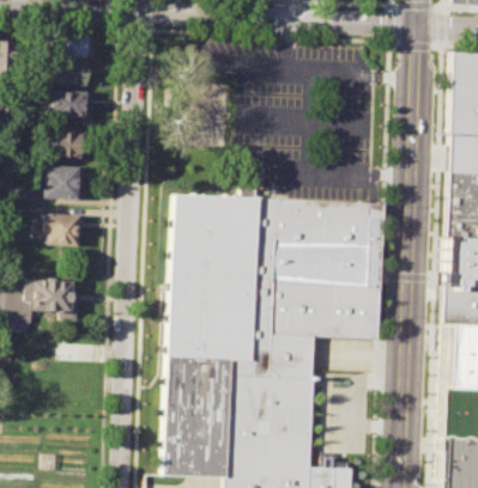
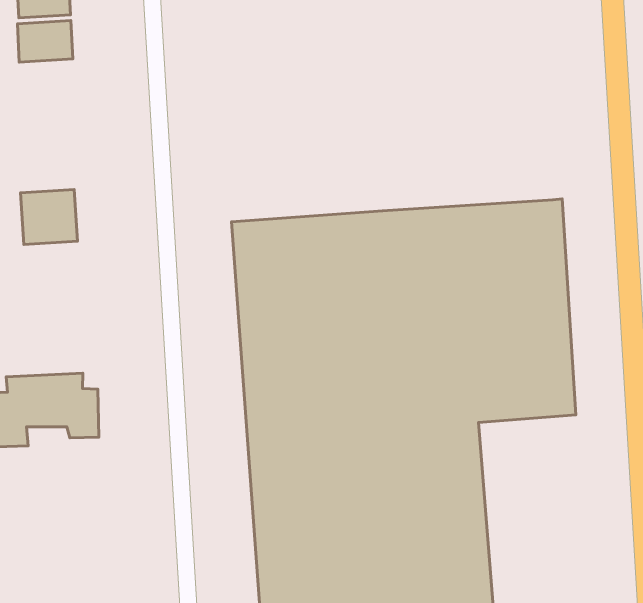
building: [48,90,85,117] -> none
building: [48,133,83,158] -> none
building: [43,214,79,245] -> none

